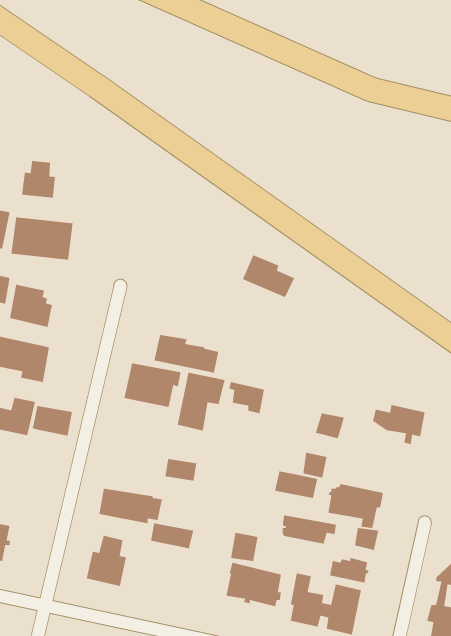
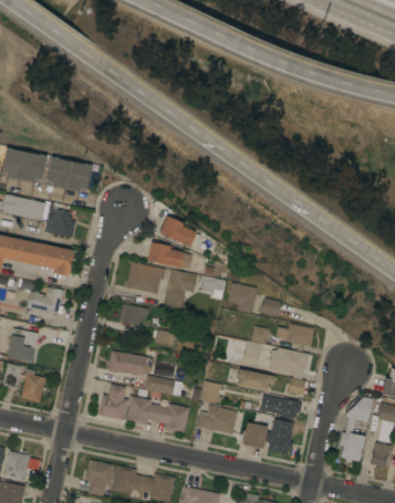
building: [21,160,56,199] -> none
building: [242,254,295,298] -> [158,217,196,248]
building: none -> [227,283,257,314]
building: [372,404,425,445] -> [276,324,313,353]
building: [32,405,73,437] -> [119,305,148,327]
building: none -> [125,397,189,433]

